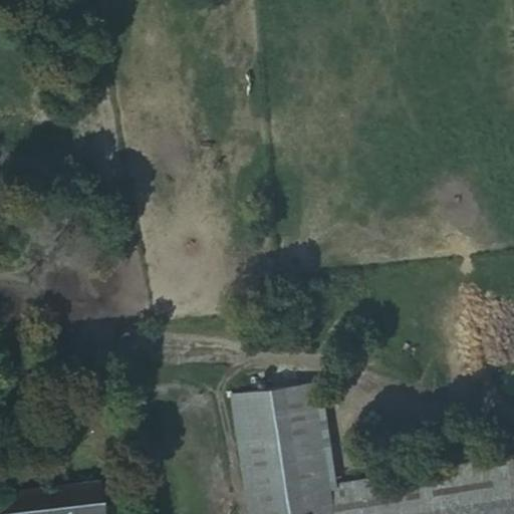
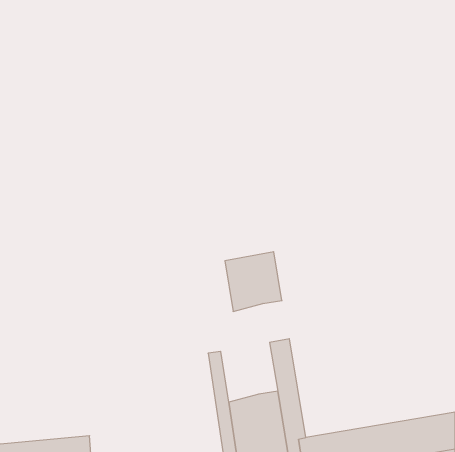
building: [245,392,308,458] -> [225,252,282,311]

